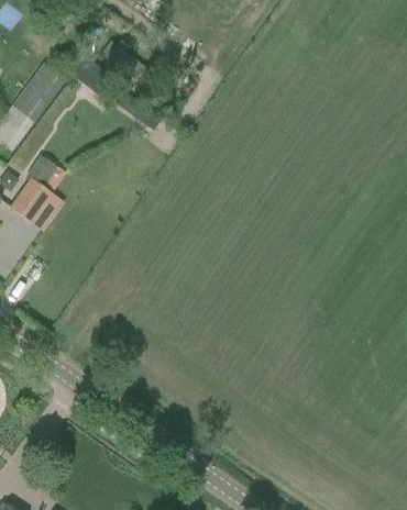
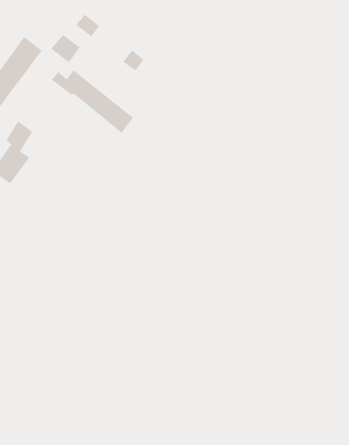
building: none -> [51,69,134,133]

